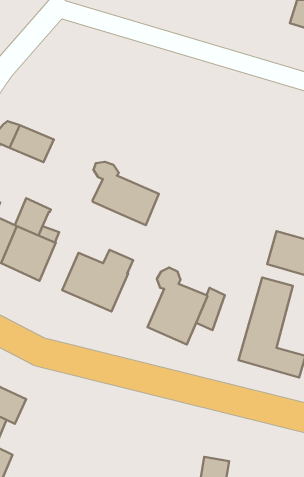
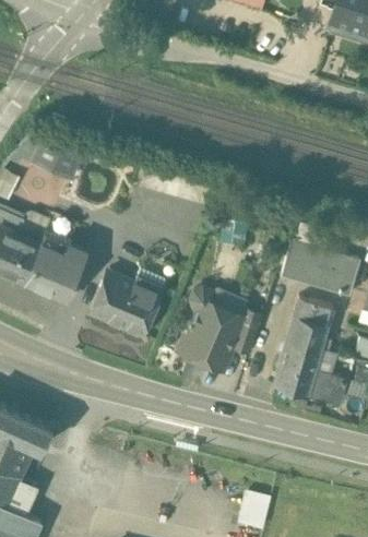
building: [93,162,159,225] -> none
building: none -> [282,241,317,284]

